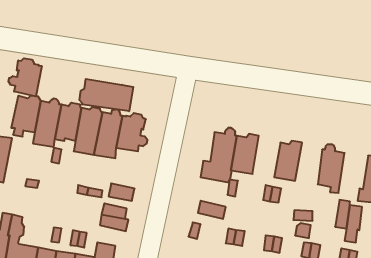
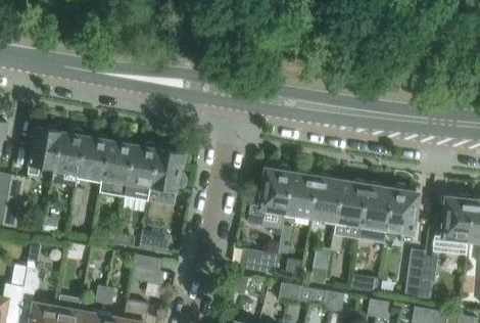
building: [9,58,42,96] -> none
building: [80,79,133,111] -> none
building: none -> [309,174,342,223]
building: none -> [357,182,391,245]

